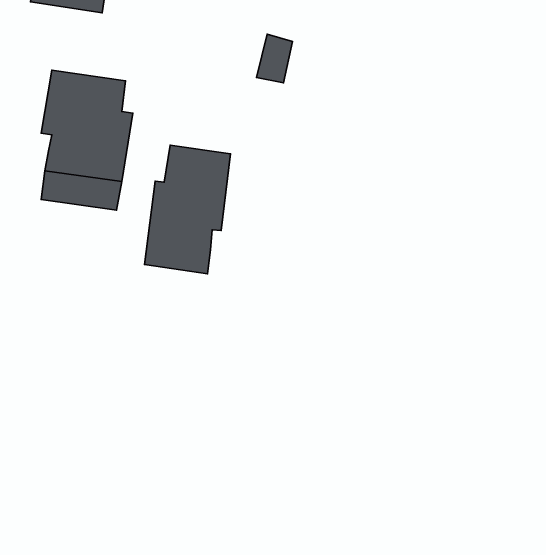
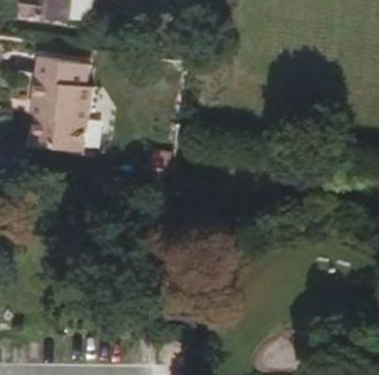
building: [144,145,231,274] -> none

